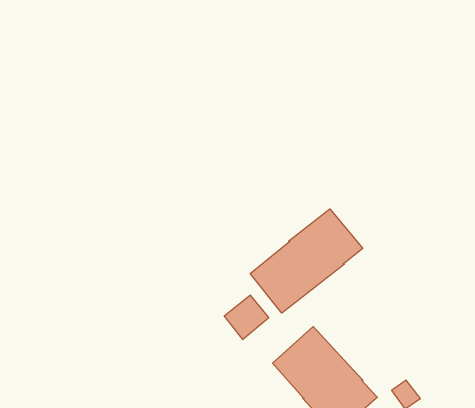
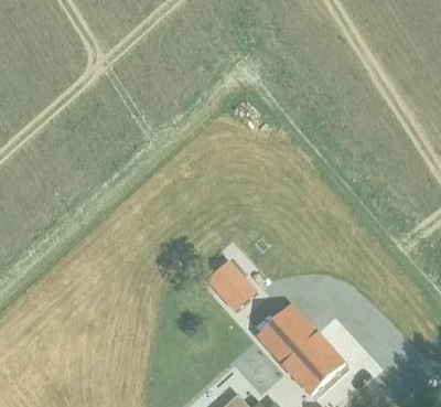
building: [250,209,363,313] -> none

